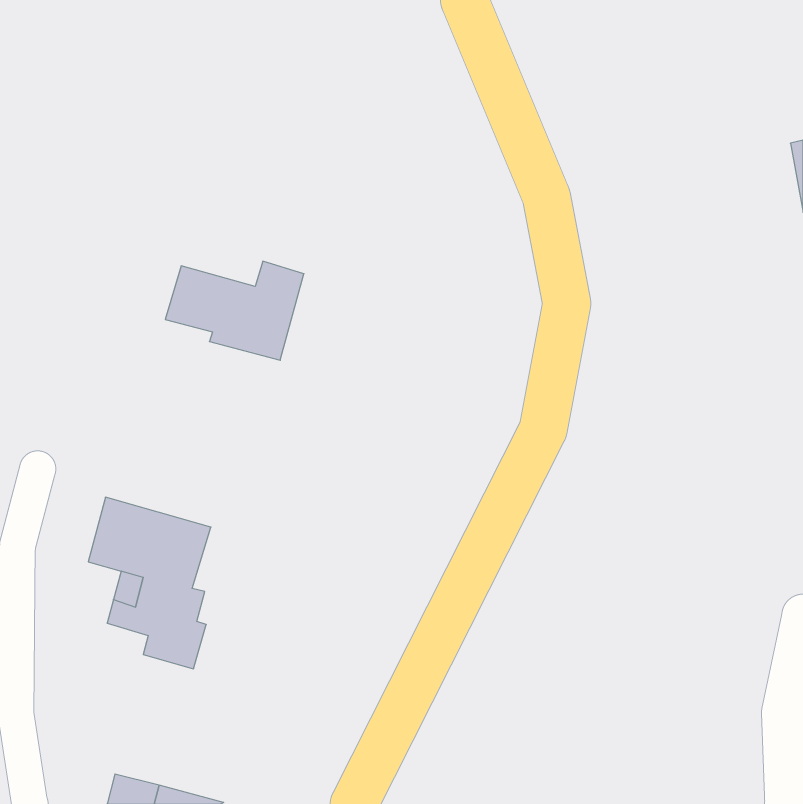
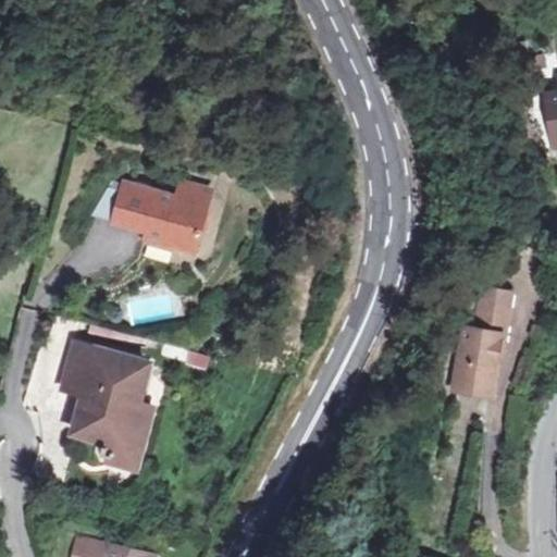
building: none -> [456,287,513,394]

